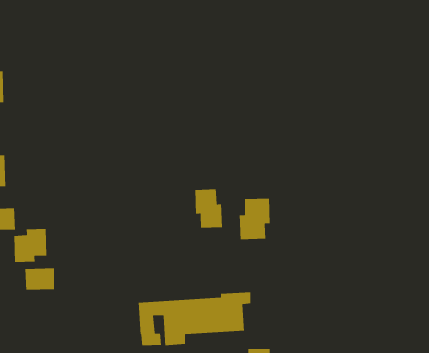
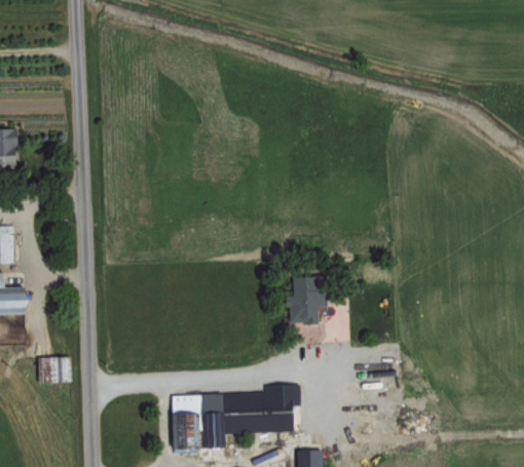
building: [194,189,223,228] -> none
building: [14,228,47,263] -> none

